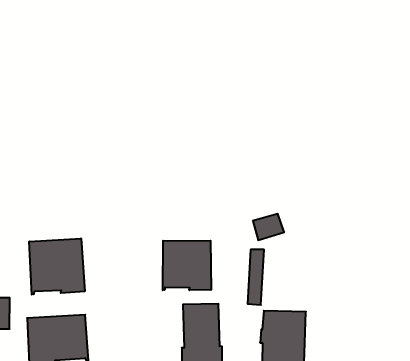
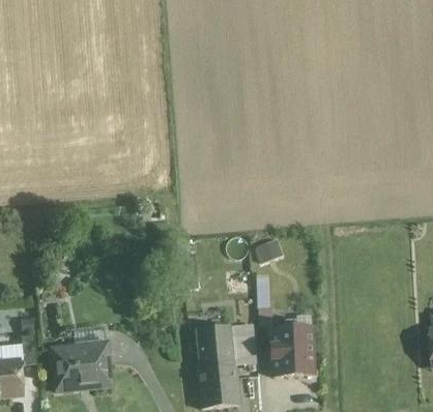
building: [29,238,85,295] -> none
building: [163,241,211,290] -> none

